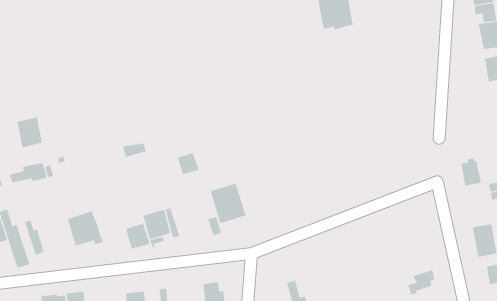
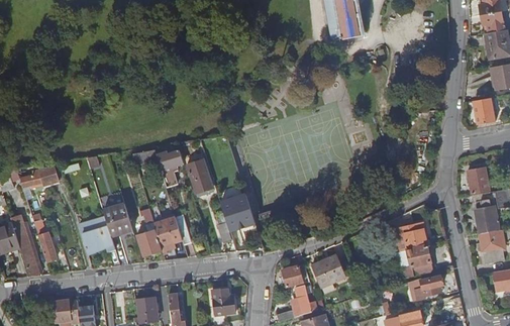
building: none -> [474,97,494,124]
building: [17,116,43,148] -> none
building: none -> [156,150,183,187]
building: none -> [476,199,499,233]
building: none -> [102,204,131,237]
building: none -> [397,223,450,273]
building: none -> [311,255,345,289]
building: none -> [282,264,309,288]

